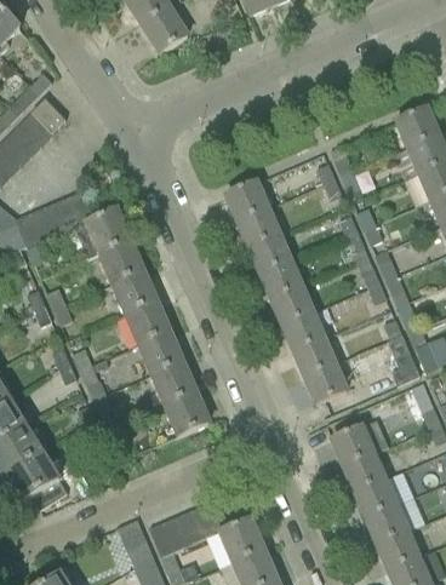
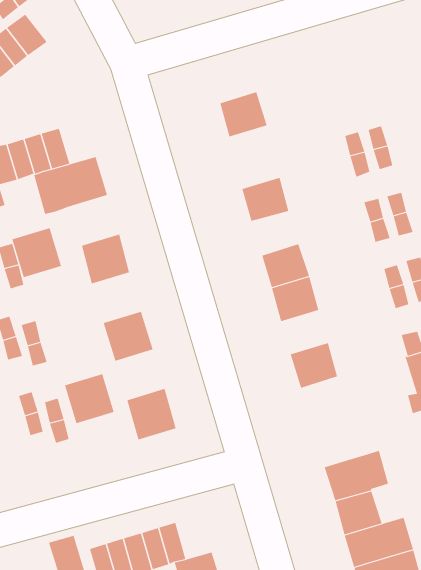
building: [227,180,268,220] -> [219,91,267,137]
building: [248,234,290,273] -> none
building: [99,239,143,282] -> [12,228,62,278]
building: [125,299,168,343] -> none
building: [282,311,324,350] -> none
building: [151,360,195,403] -> [64,374,115,424]
building: [305,363,347,403] -> none

